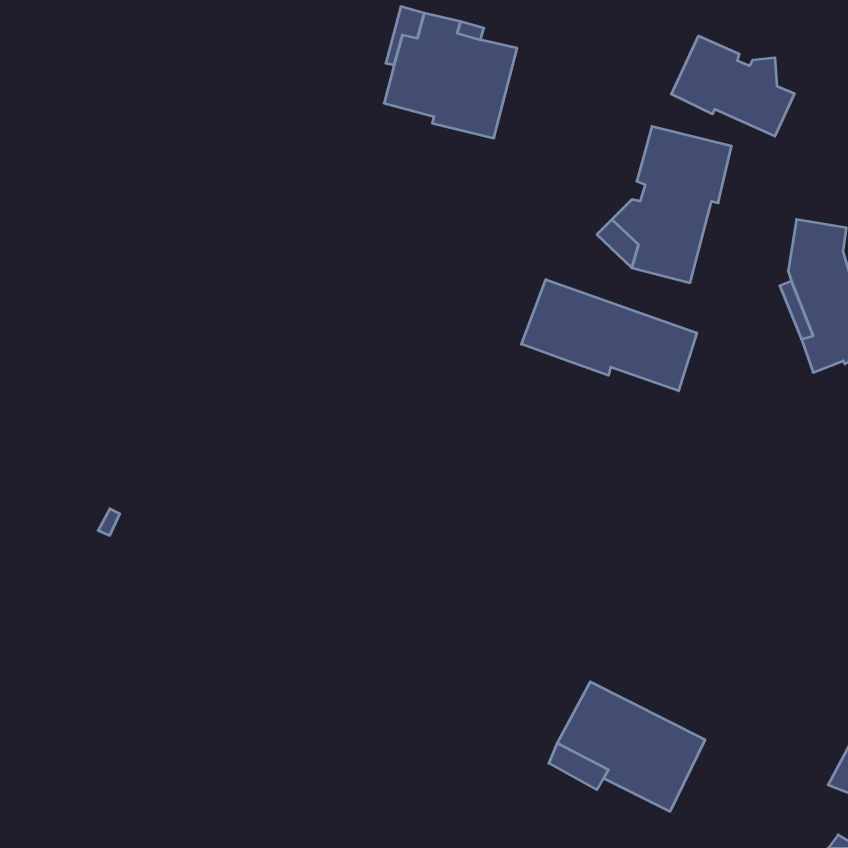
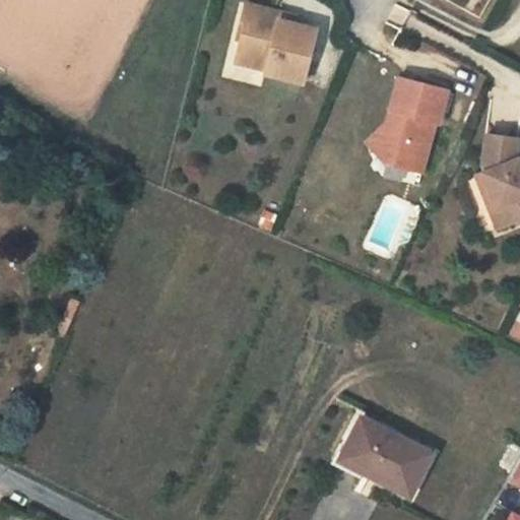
building: [671,36,794,136] -> none
building: [521,279,697,391] -> none

